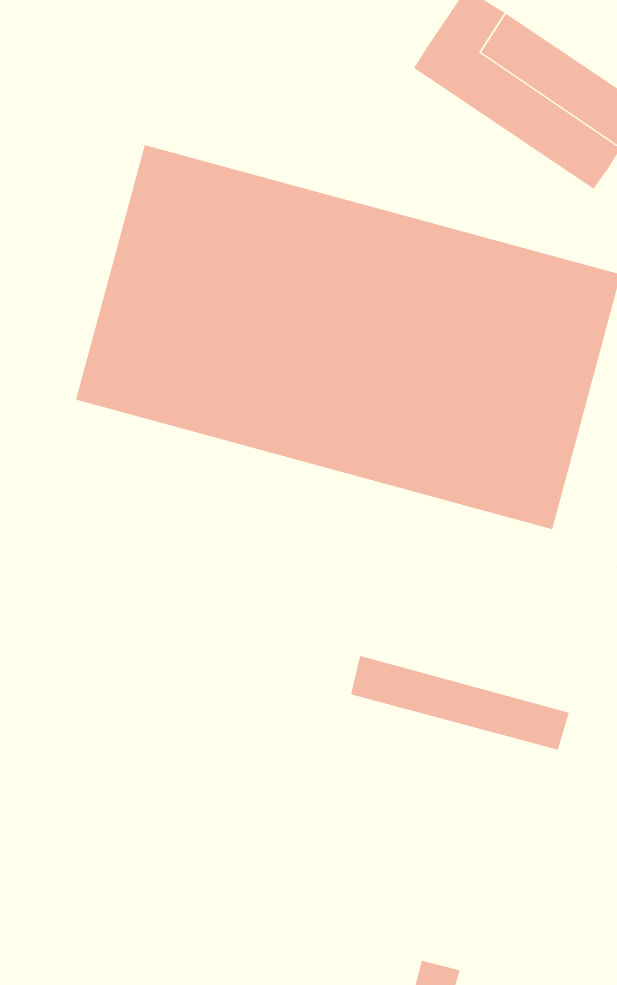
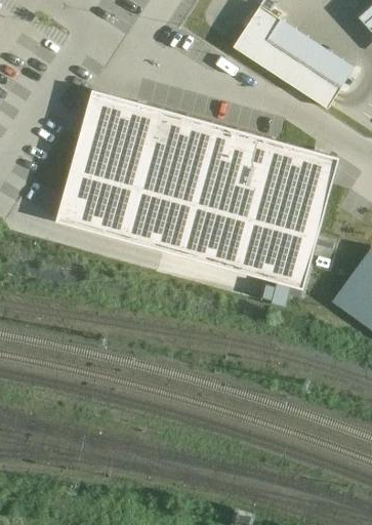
building: [350,655,569,750] -> none

